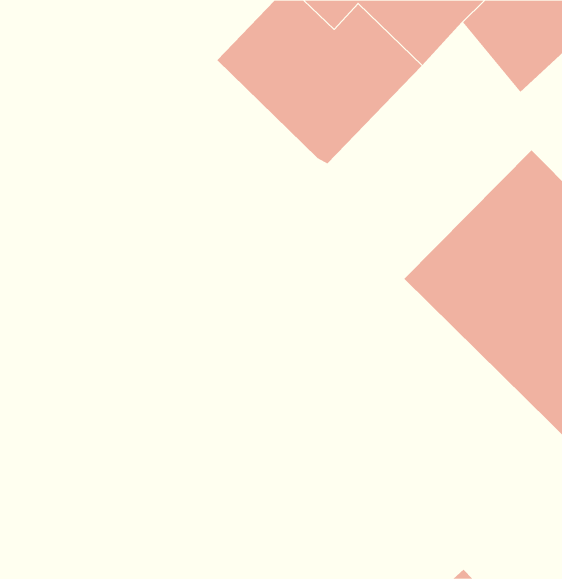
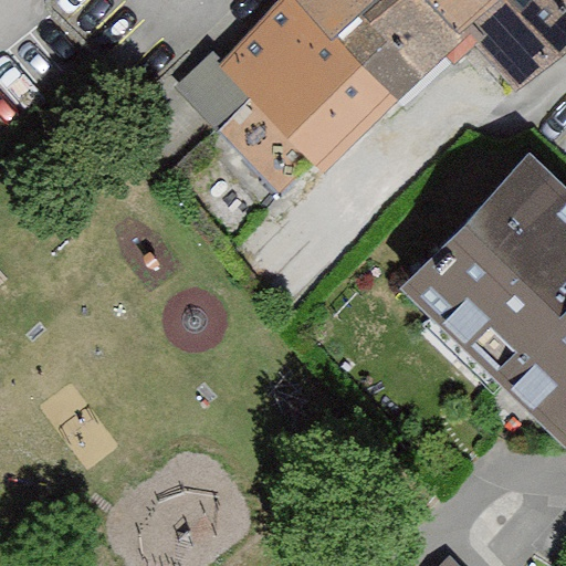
building: none -> [178,50,326,197]

